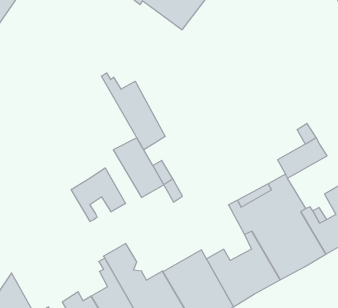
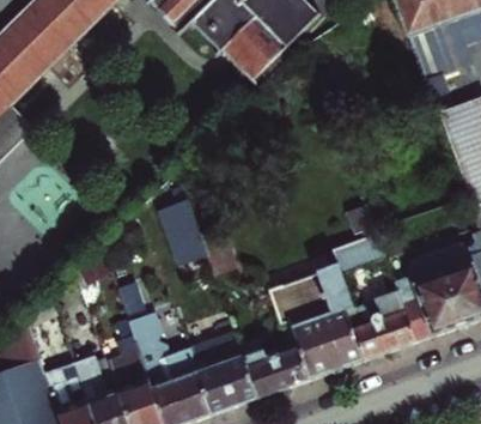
building: [101,73,165,150] -> none
building: [71,168,126,222] -> none

